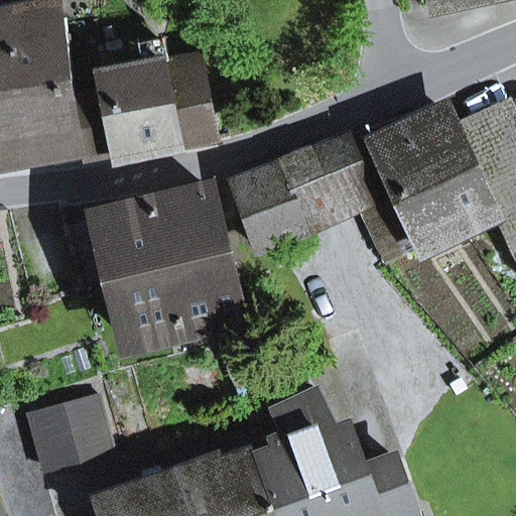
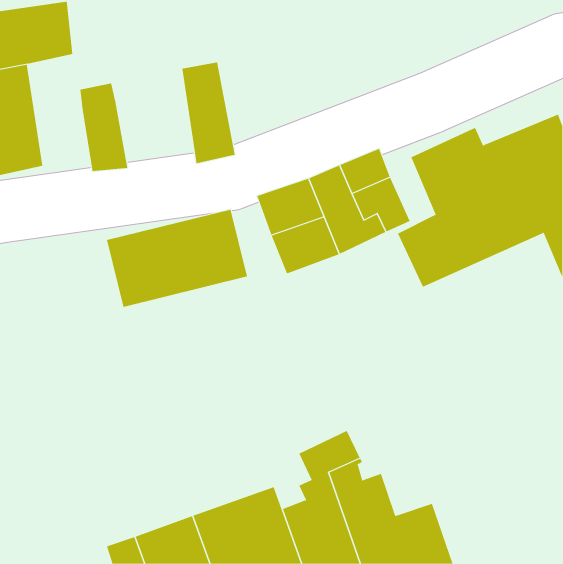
building: [102,43,178,158] -> none
building: [25,49,84,166] -> none
building: [112,252,241,342] -> none
building: [28,394,114,474] -> none

